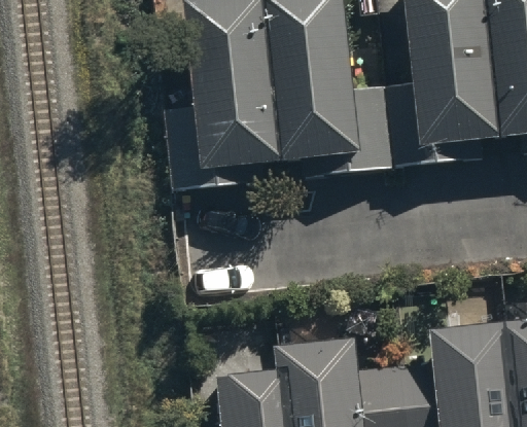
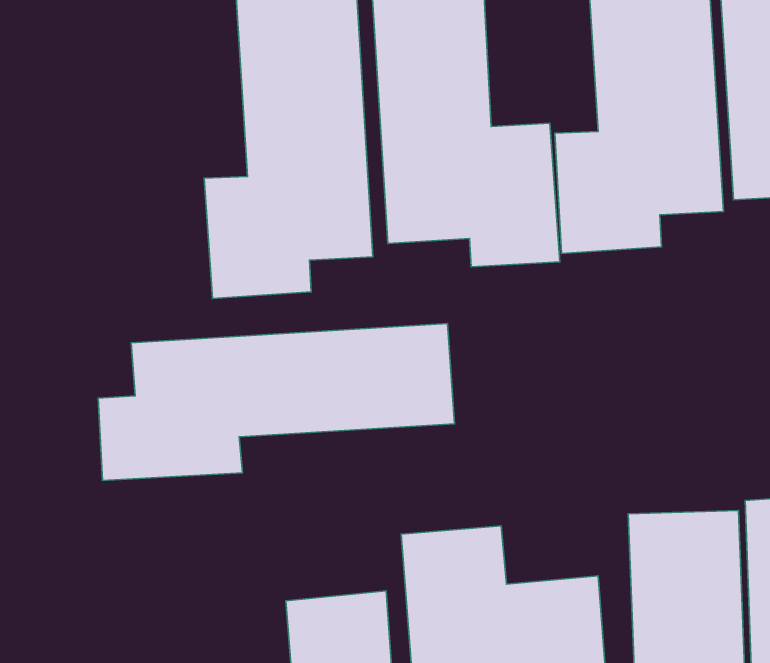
building: none -> [98,324,455,481]

